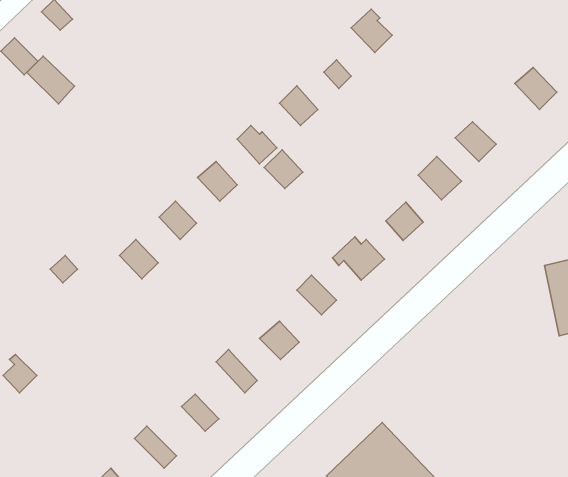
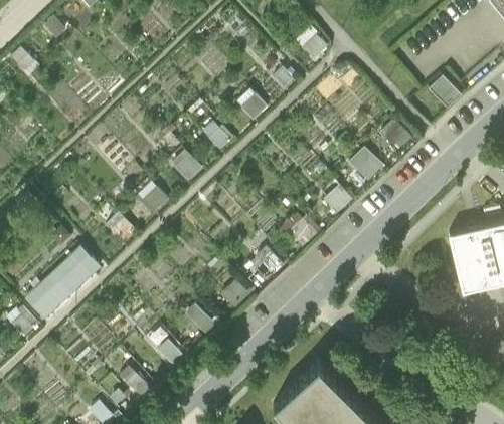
building: [27,56,75,104] -> none
building: [264,150,303,189] -> none
building: none -> [24,244,102,319]

